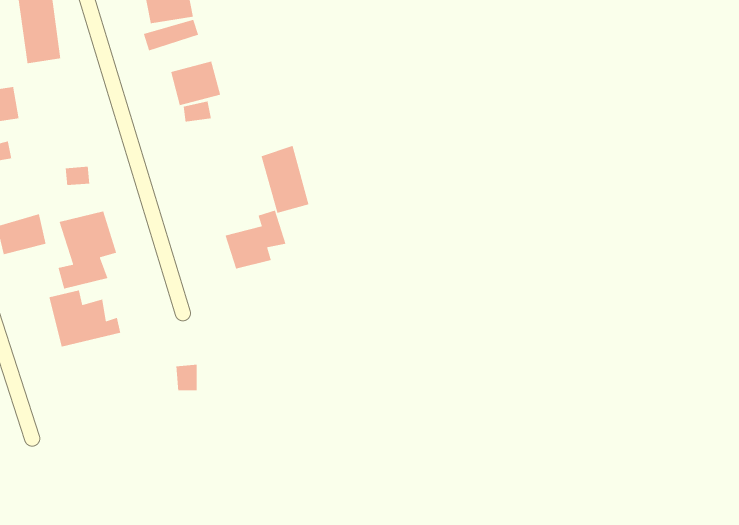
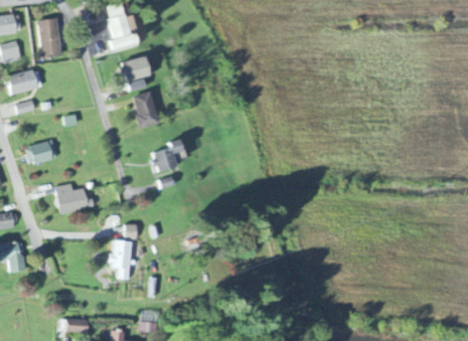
building: [261,145,310,214] -> [132,91,159,129]
building: [58,210,117,290] -> none
building: none -> [110,240,131,280]

